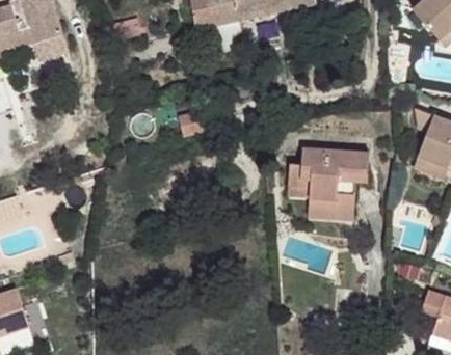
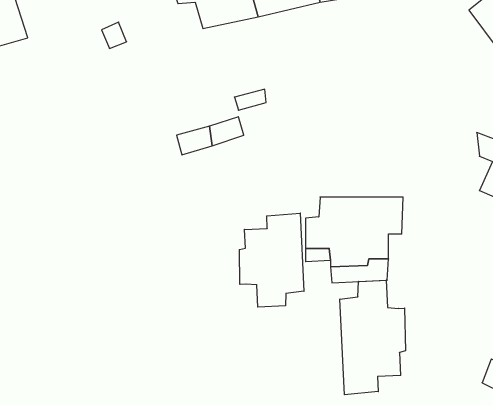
building: none -> [239,213,304,307]
building: none -> [340,280,405,395]

